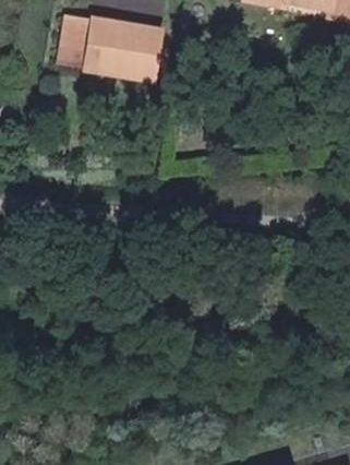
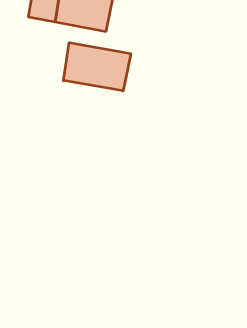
building: none -> [63,43,131,91]

